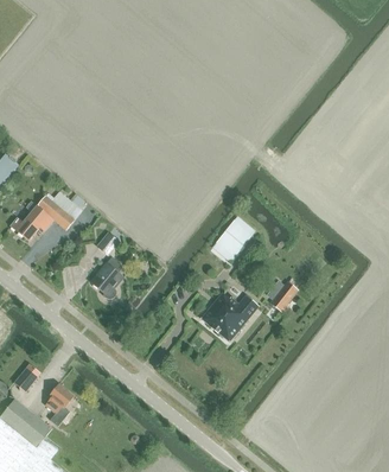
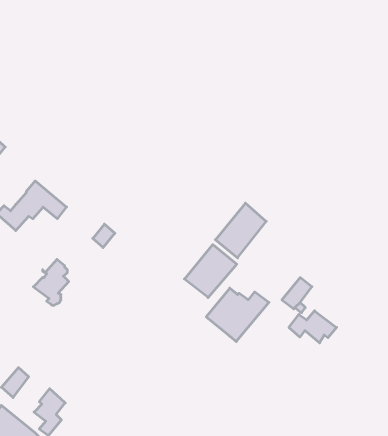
building: none -> [184,245,237,298]
building: [90,259,122,300] -> [33,259,69,305]
building: none -> [289,311,337,343]

